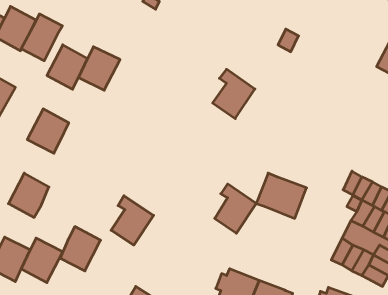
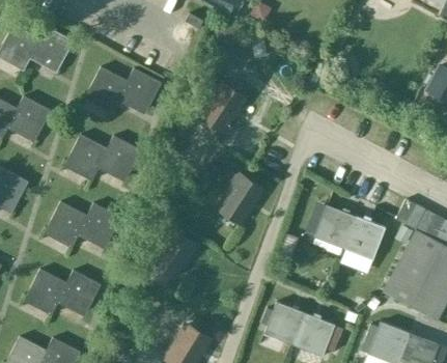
building: [21,14,62,61] -> none
building: [213,69,255,119] -> [199,79,244,131]
building: none -> [97,136,141,182]
building: [215,184,256,233] -> [218,170,261,222]
building: none -> [344,217,385,259]
building: [60,227,101,271] -> [78,202,120,249]

